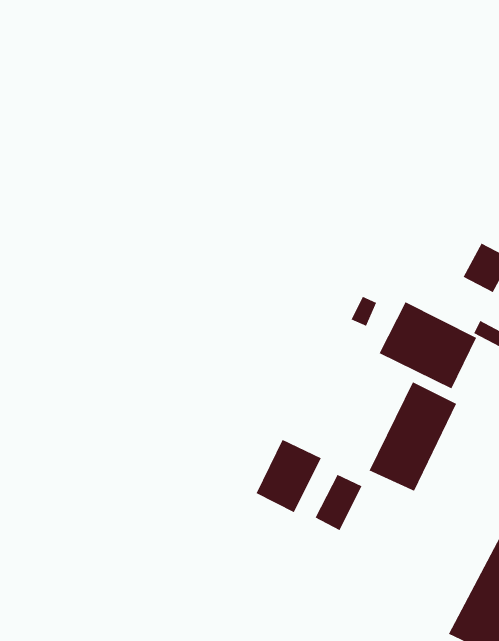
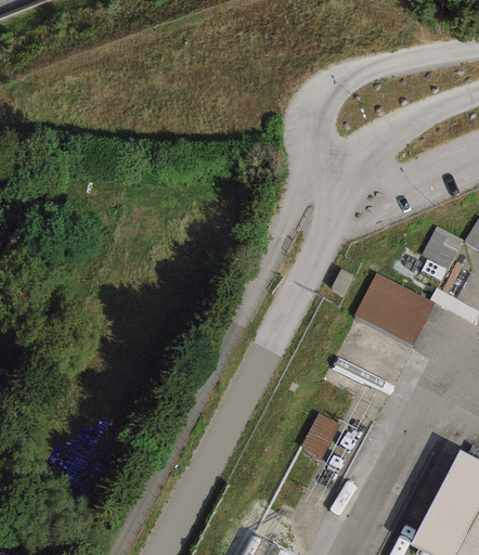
building: [369,381,457,492] -> none
building: [255,439,322,513] -> none

